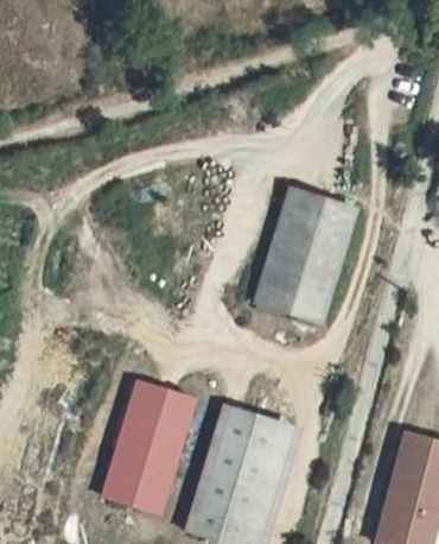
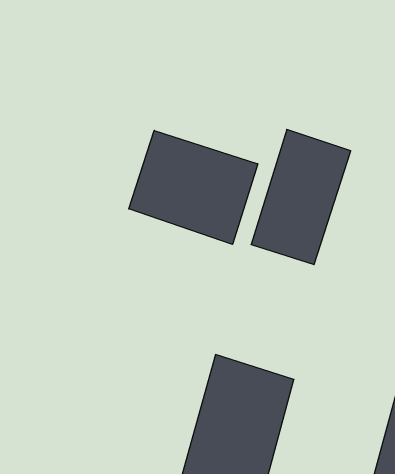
building: none -> [129,130,258,244]
building: [108,387,190,518] -> none

